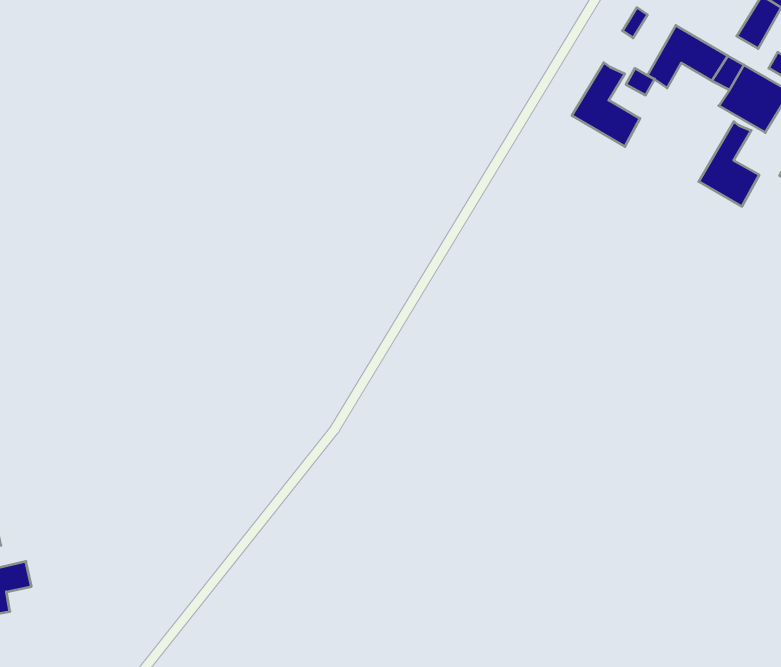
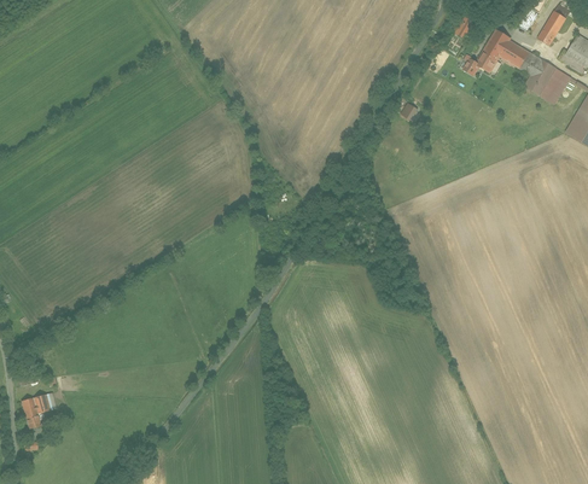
building: [572,63,640,147] -> none
building: [699,122,759,206] -> none

